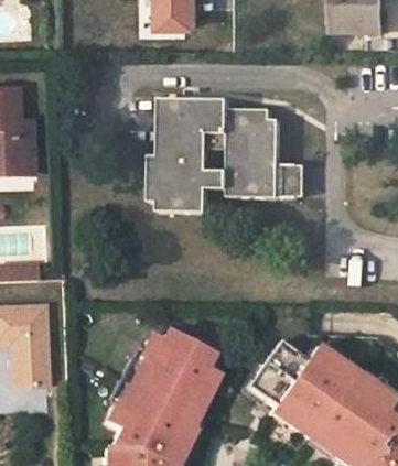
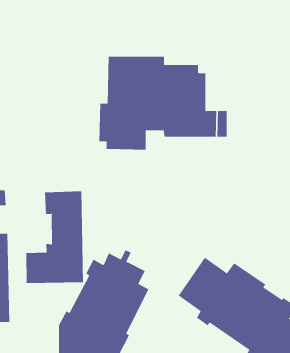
building: none -> [26,191,84,284]

